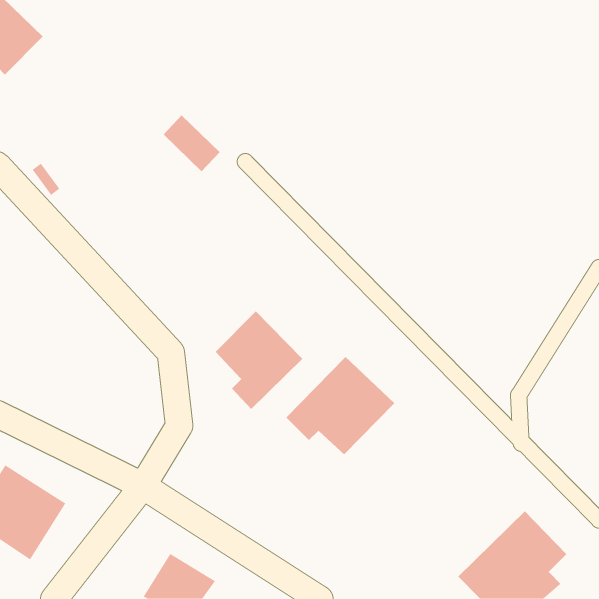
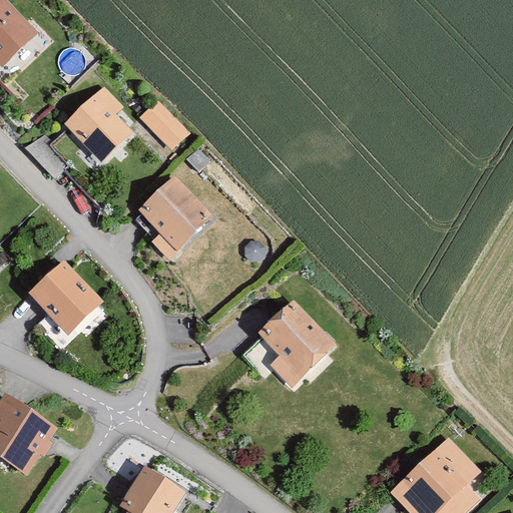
building: none -> [64,86,134,162]
building: none -> [30,262,103,335]
building: [215,311,303,410] -> [137,174,212,259]

